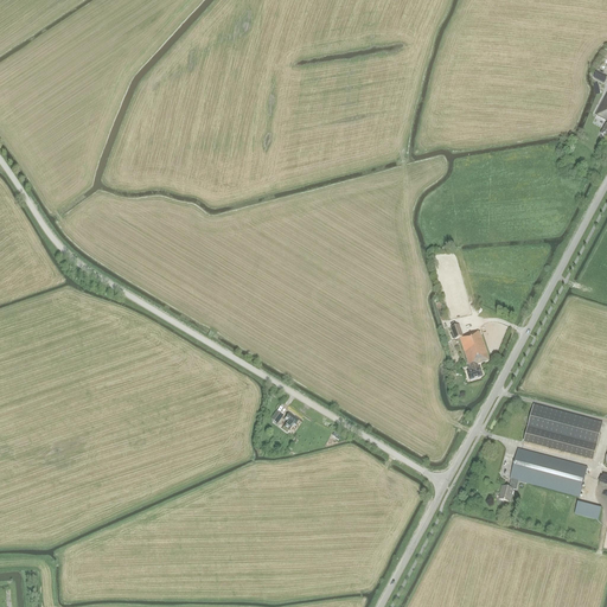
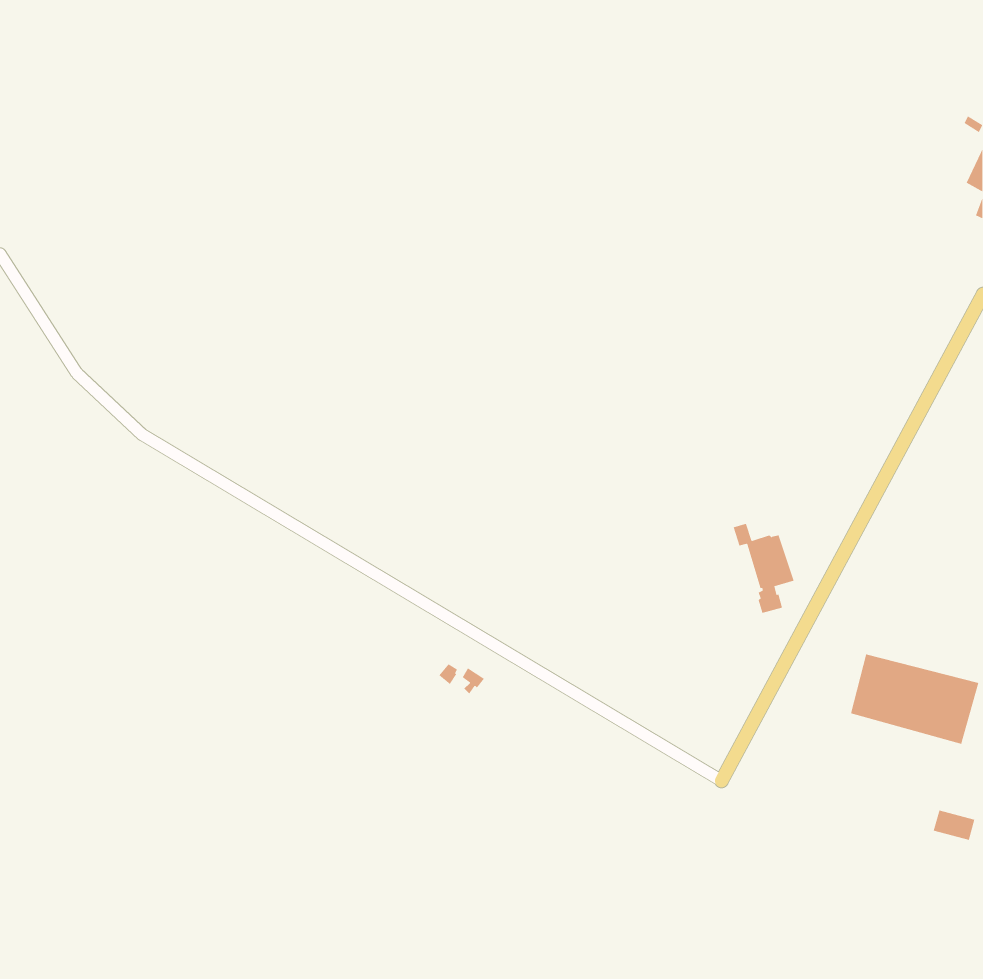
building: [499,447,587,500] -> none

